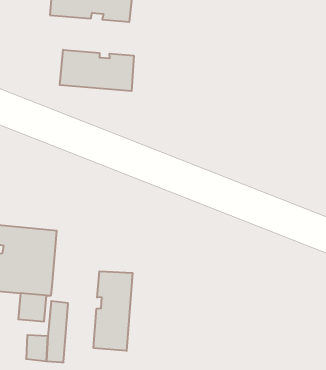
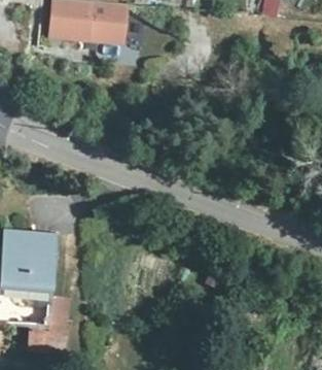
building: [60,50,134,91] -> none
building: [94,271,133,351] -> none

